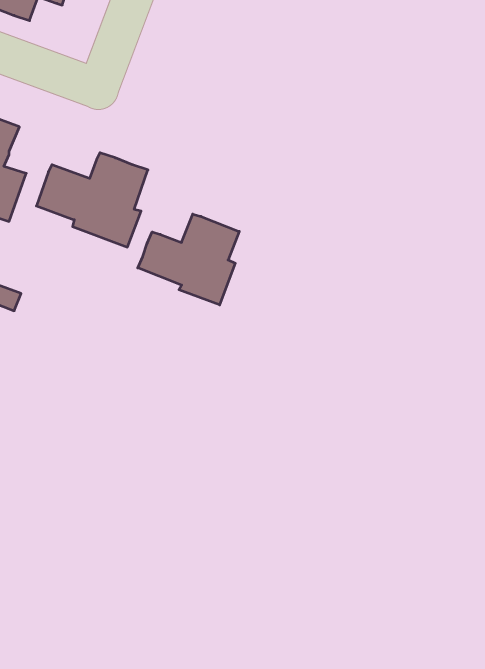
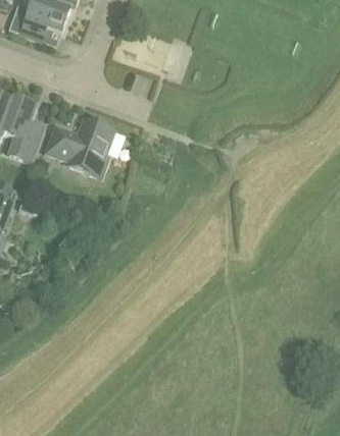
building: [138,214,239,305] -> none

